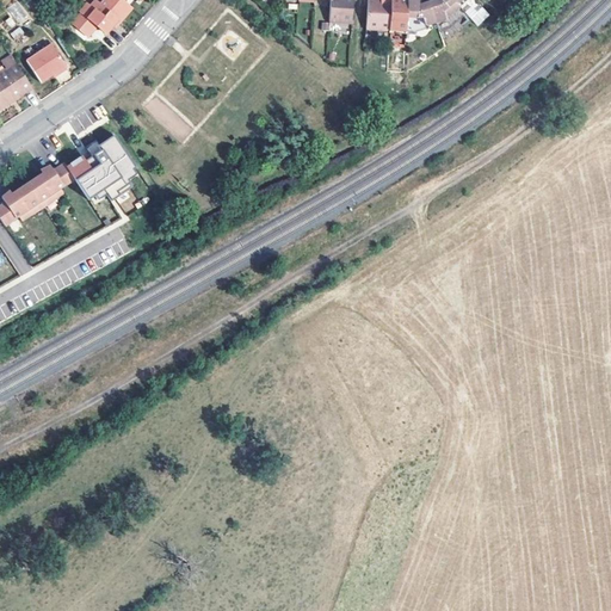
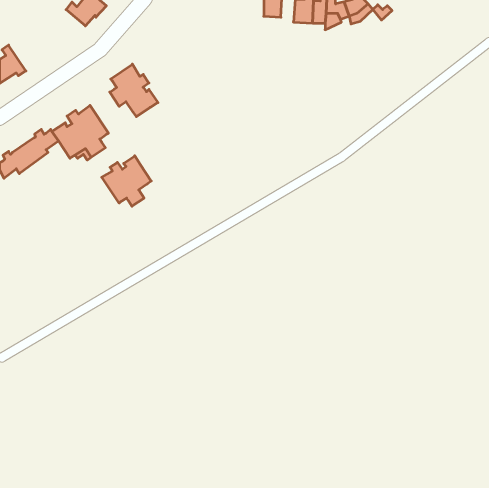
building: [27,44,66,81] -> none
building: none -> [110,64,158,117]
building: none -> [102,156,151,206]

